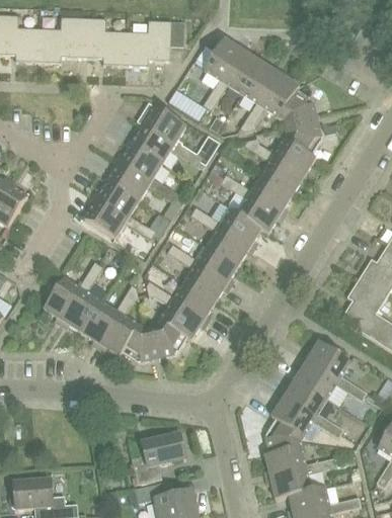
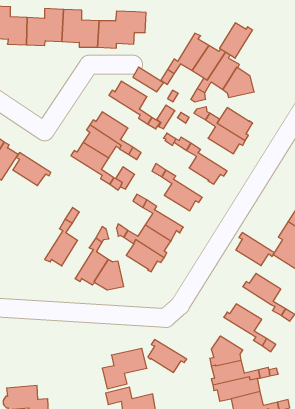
building: [204,38,244,82] -> [220,23,253,58]
building: [284,119,321,156] -> none
building: [131,123,177,164] -> none
building: [248,176,292,217] -> none
building: [84,197,131,238] -> [13,153,51,186]
building: [218,207,261,249] -> none
building: [194,246,238,285] -> none
building: [44,278,82,325] -> none
building: [81,301,120,348] -> none
building: [150,320,187,358] -> none
building: [295,358,342,399] -> [236,233,274,266]
building: [271,396,319,436] -> [148,339,187,372]

